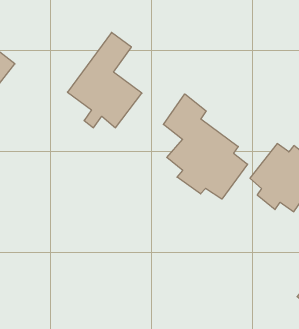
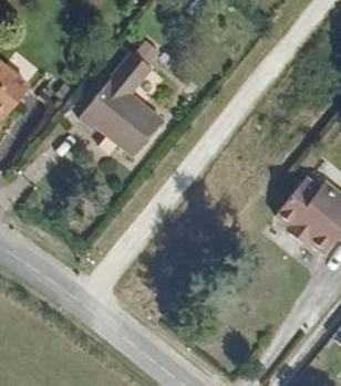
building: [163,94,248,199] -> none

